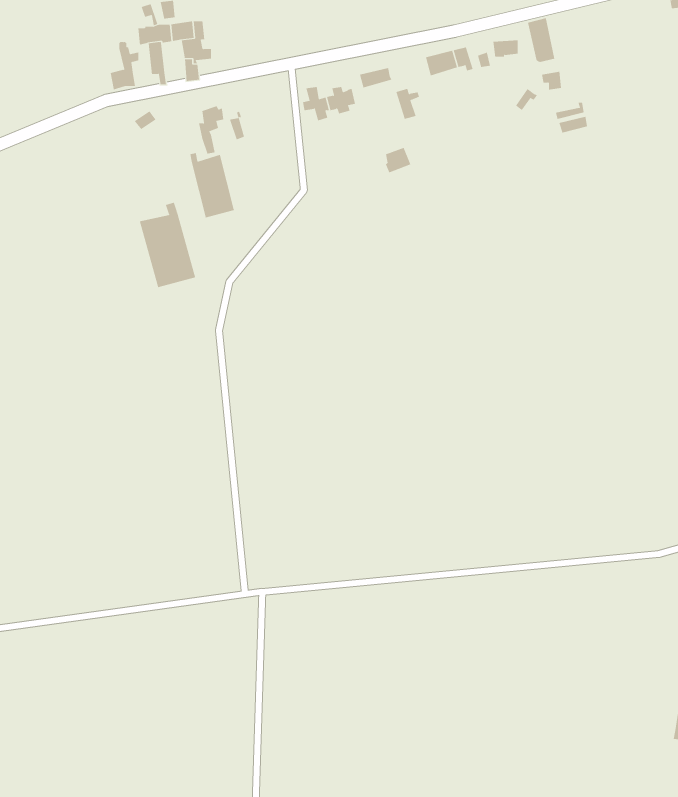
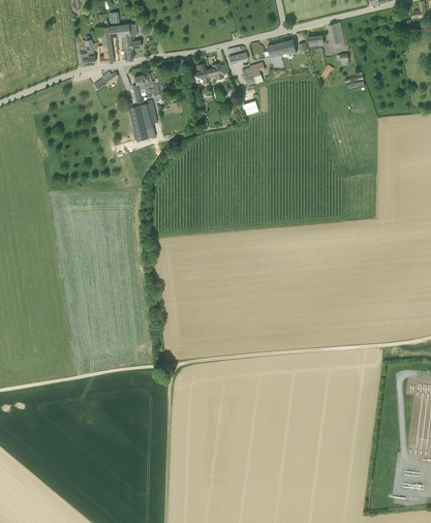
building: [139,202,196,289] -> none

